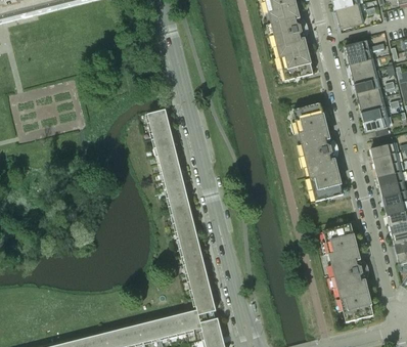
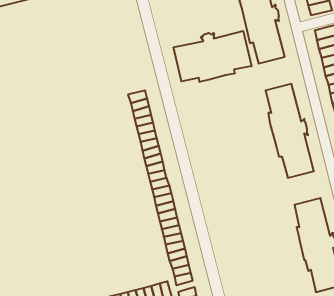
building: none -> [174,31,251,82]

